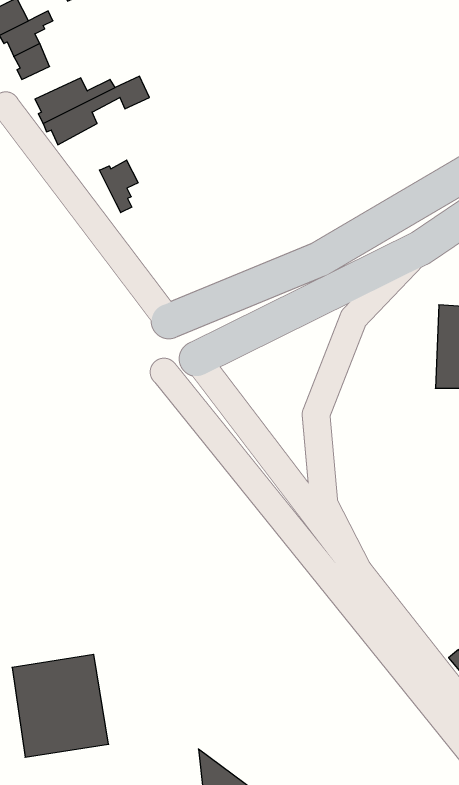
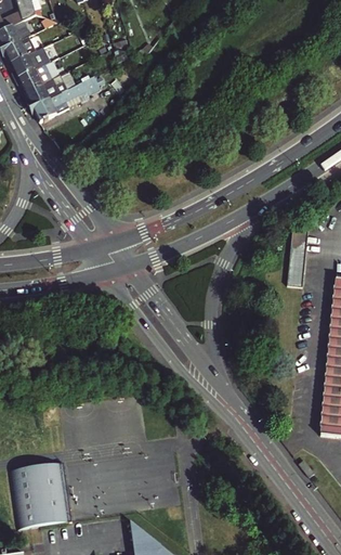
building: none -> [18,63,57,91]
building: [99,160,138,213] -> none

